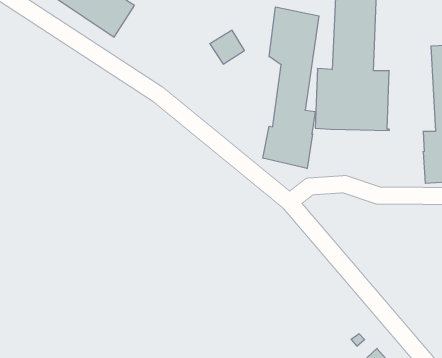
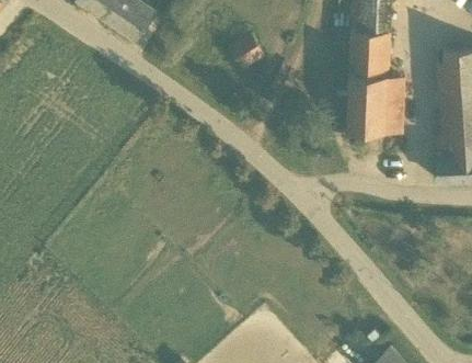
building: [263,7,319,169] -> none

